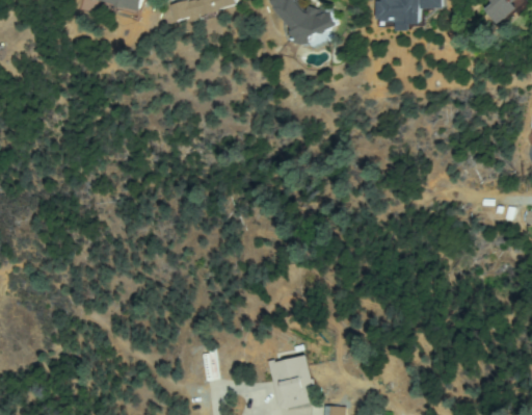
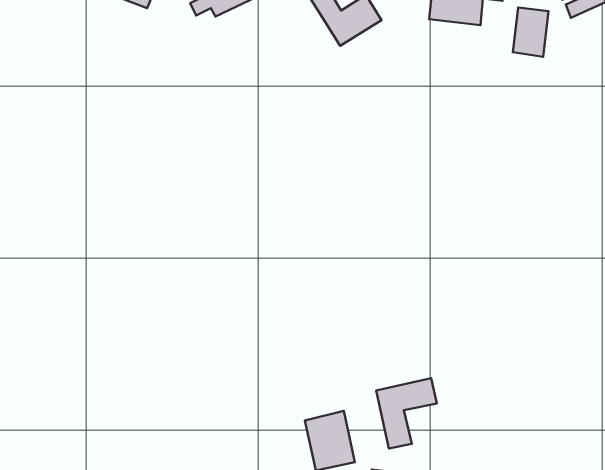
building: none -> [513,7,548,57]
building: none -> [376,378,437,449]

